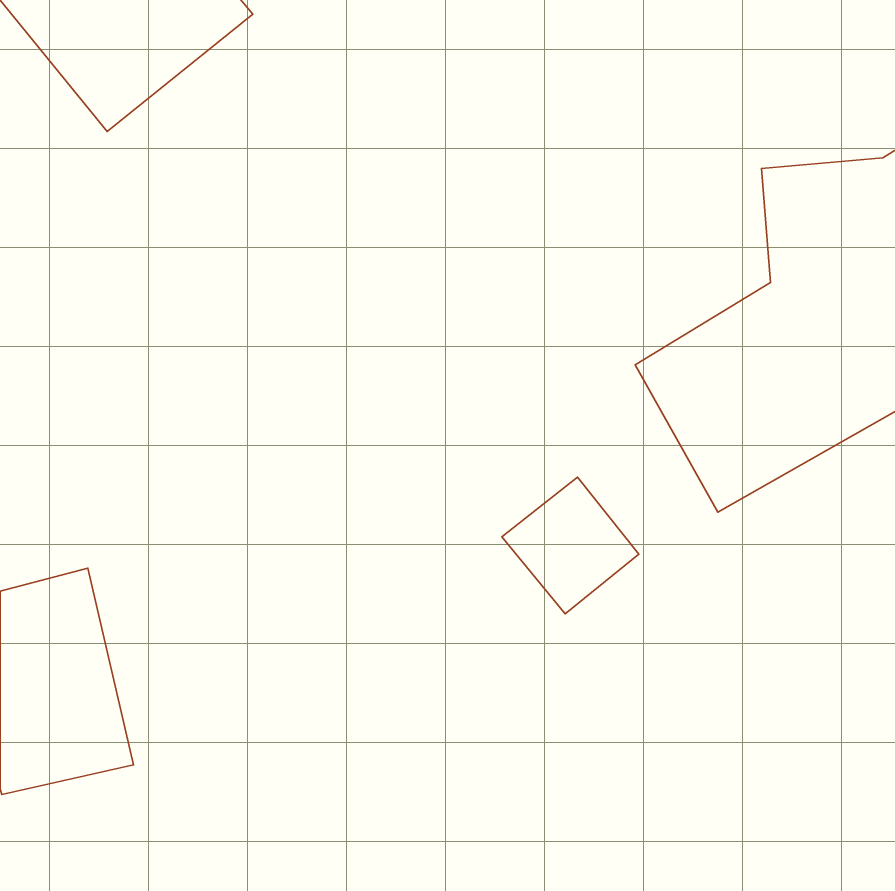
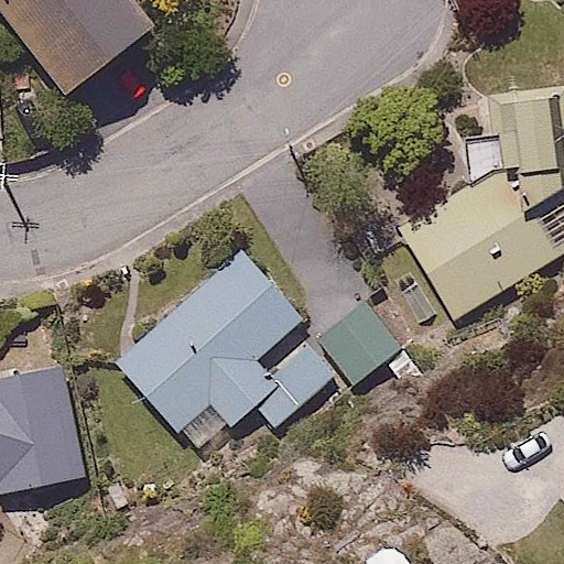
building: none -> [112,241,341,443]

